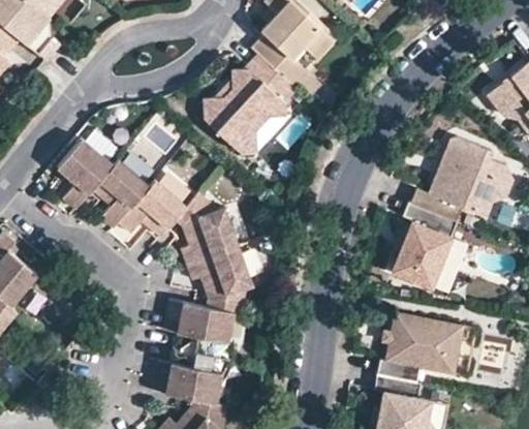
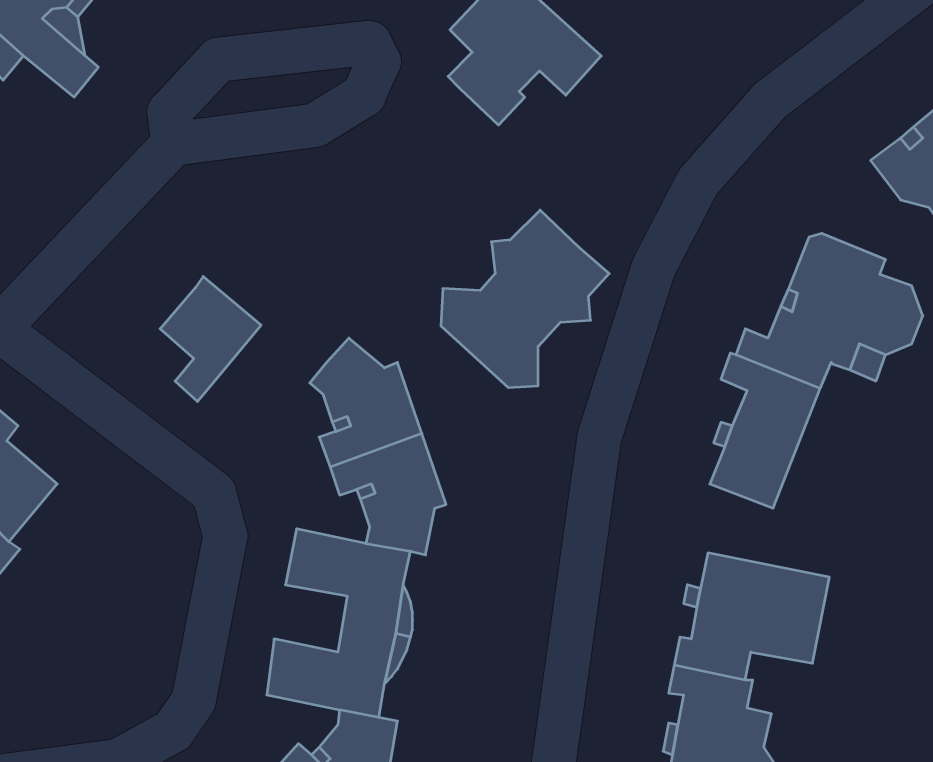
building: [204,55,297,153] -> [441,210,609,388]
building: [56,139,113,210] -> none
building: [119,180,185,236] -> none

